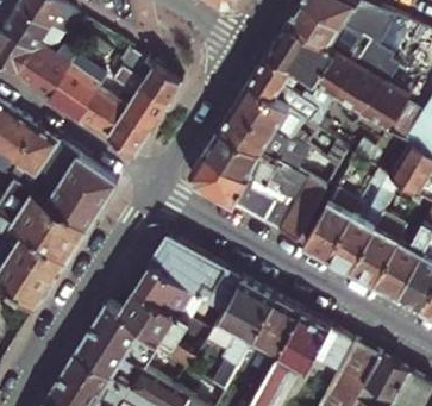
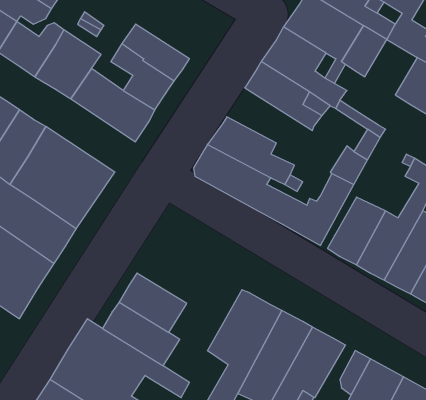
building: [338,65,383,113] -> none
building: [219,107,303,170] -> none
building: [142,242,232,311] -> none

